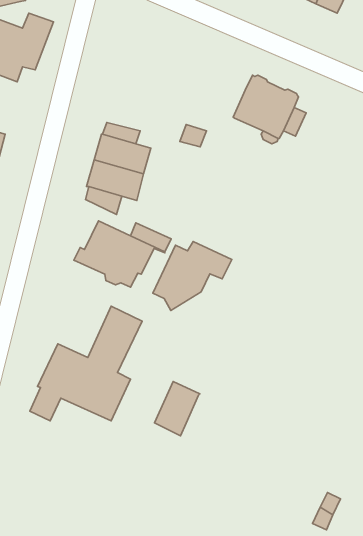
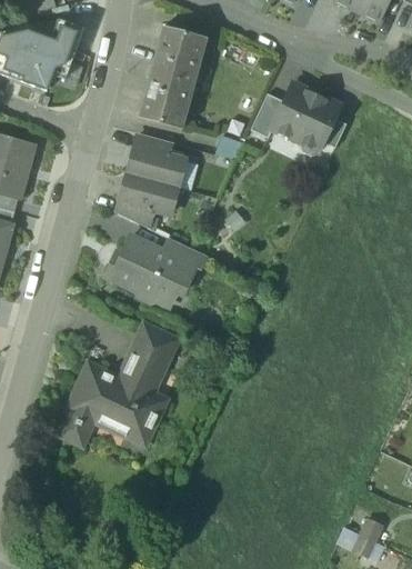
building: none -> [140,27,205,128]
building: none -> [250,93,283,138]
building: [153,241,232,310] -> none
building: [154,382,200,436] -> none

